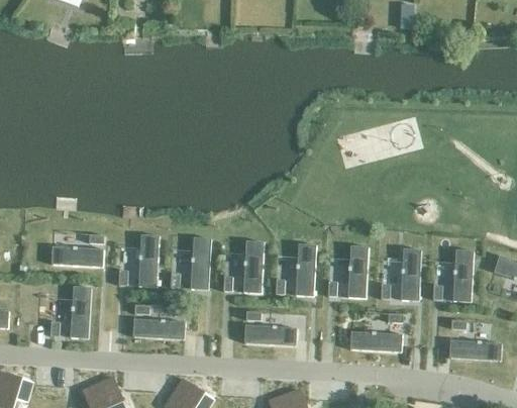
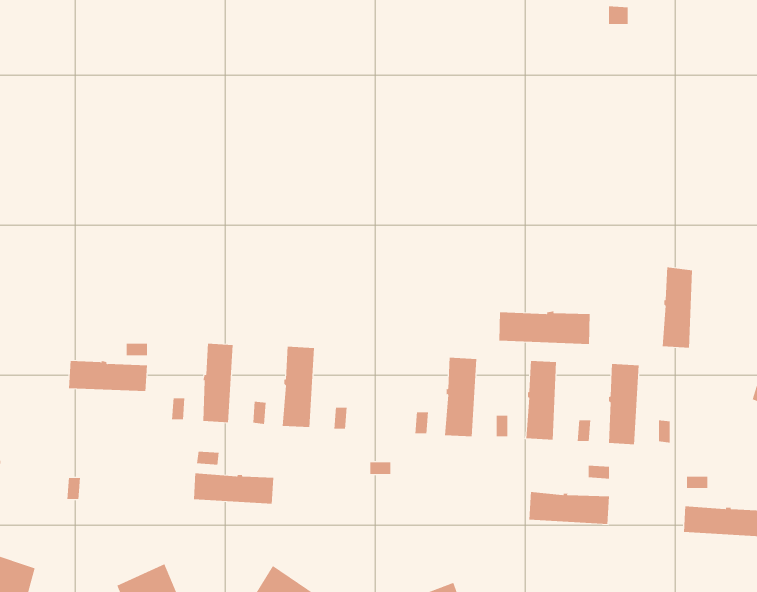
building: none -> [499,311,590,345]
building: [242,240,263,292] -> none
building: [451,248,472,301] -> [662,267,693,348]
building: [69,286,90,337] -> none
building: [243,324,295,344] -> none

